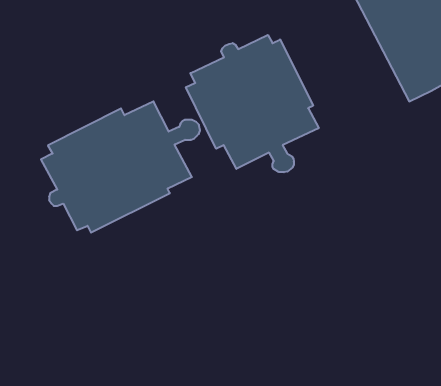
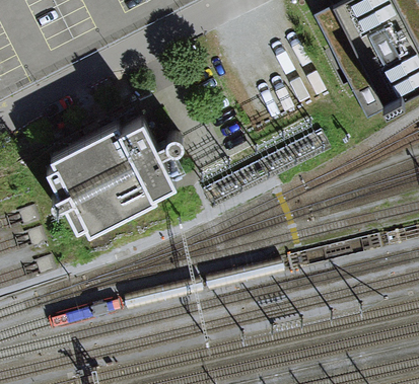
building: [186,35,319,172] -> none

